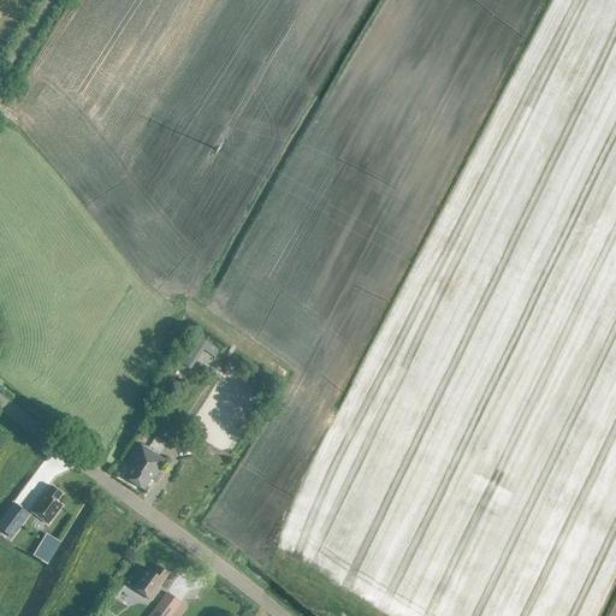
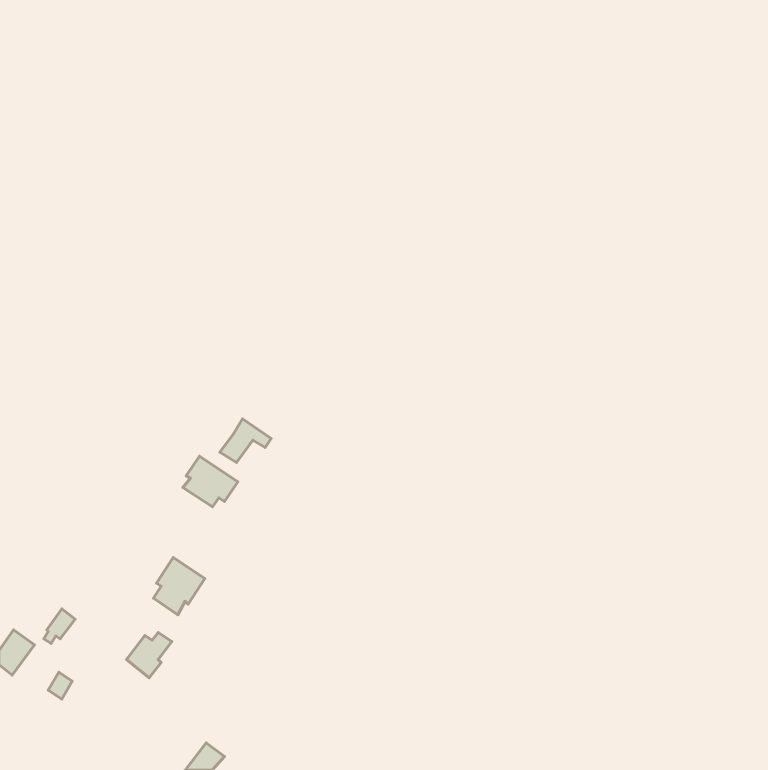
building: none -> [183,456,238,507]
building: [131,567,167,603] -> [127,632,172,678]

